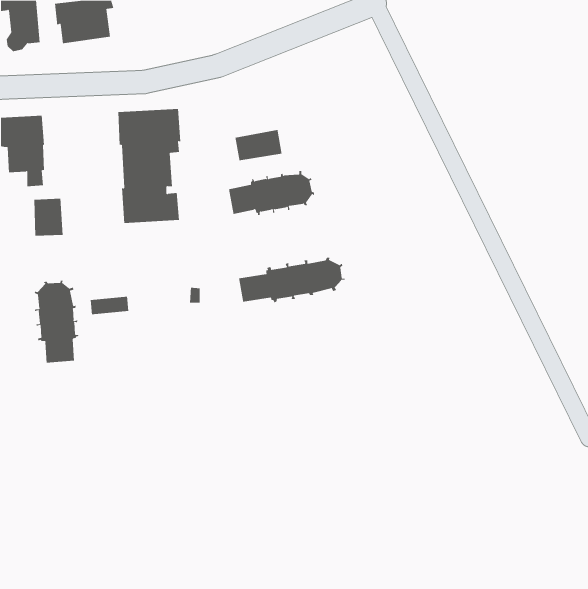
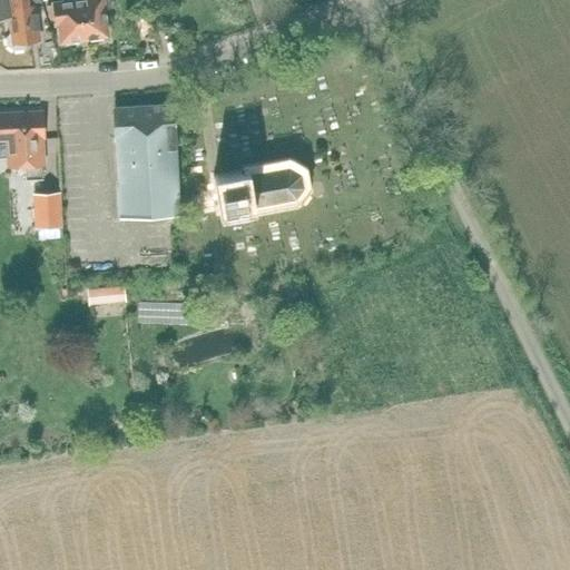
building: [235,129,282,161] -> none
building: [238,257,345,303] -> none
building: [34,280,79,364] -> none

